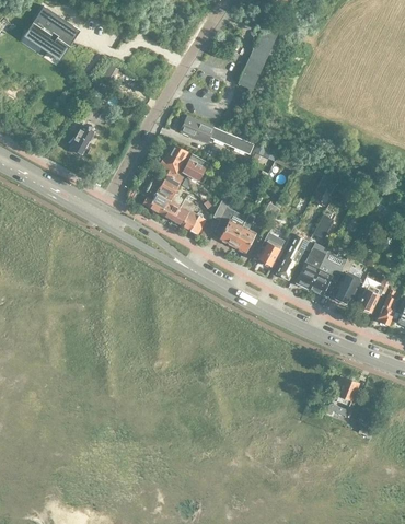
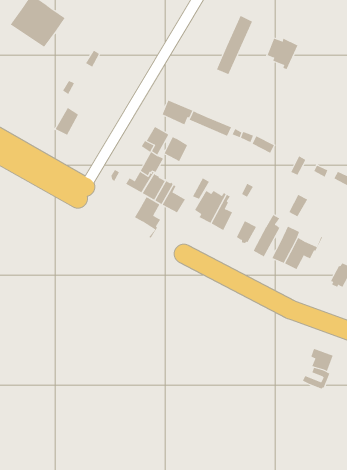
building: none -> [267,38,298,70]
building: none -> [134,196,161,239]
building: [335,259,362,304] -> none

